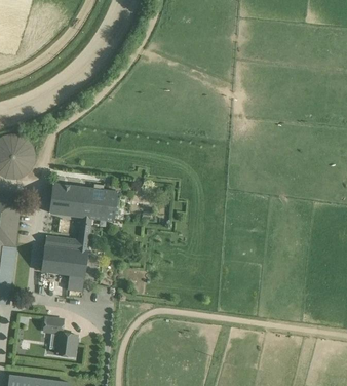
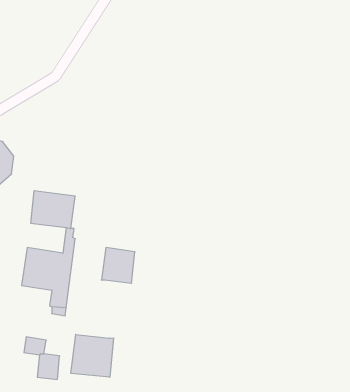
building: [86,188,117,221] -> [101,248,135,283]
building: none -> [71,334,114,377]

